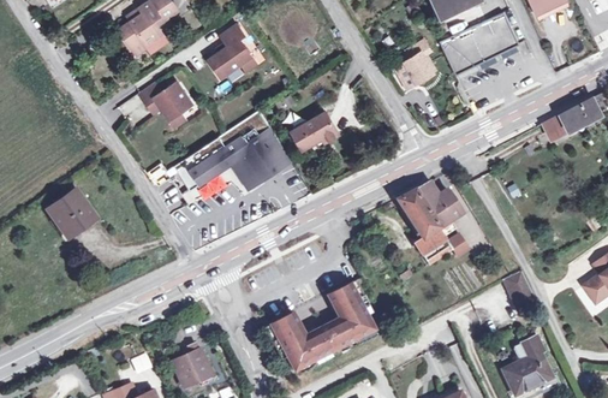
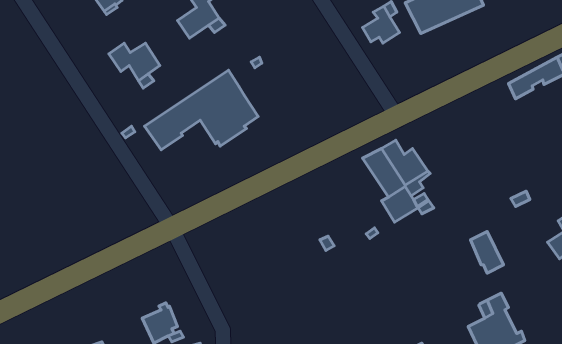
building: [291,111,339,149] -> none
building: [46,189,95,237] -> none
building: [268,283,374,370] -> none

